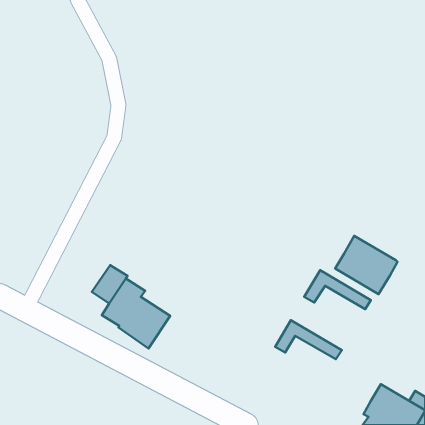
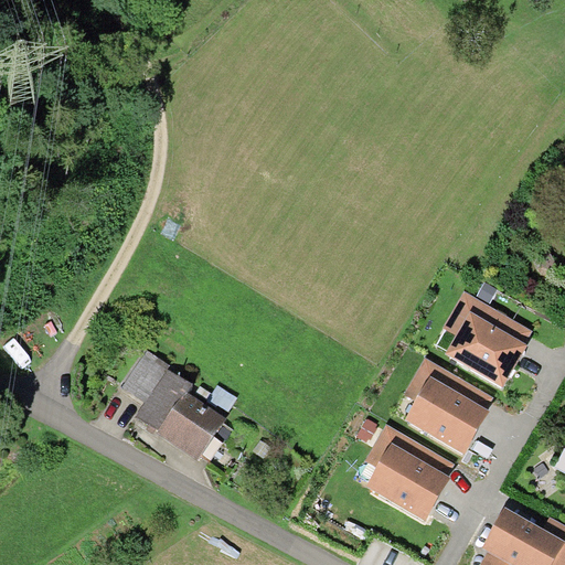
building: none -> [443,291,532,344]
building: none -> [405,379,488,455]
building: none -> [366,445,450,522]

